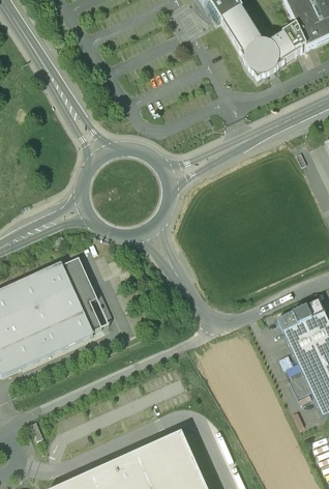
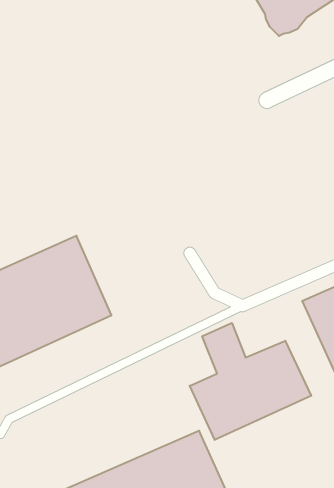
building: none -> [190,323,311,440]

